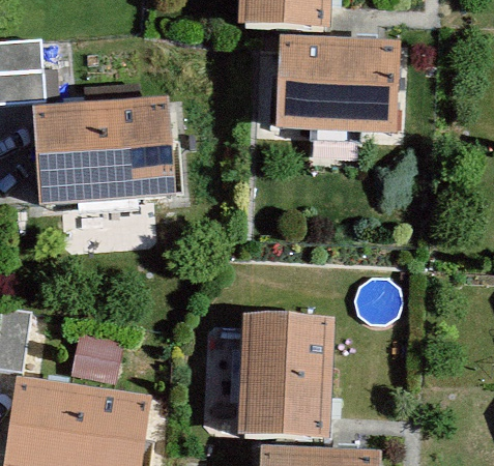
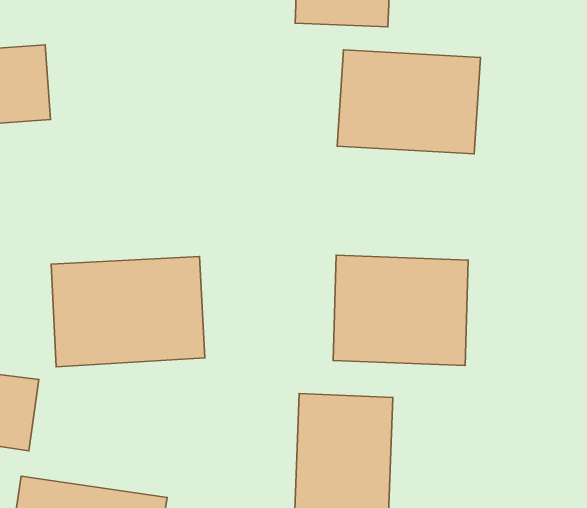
building: [36,107,162,197] -> [51,256,205,367]
building: none -> [333,255,468,365]

